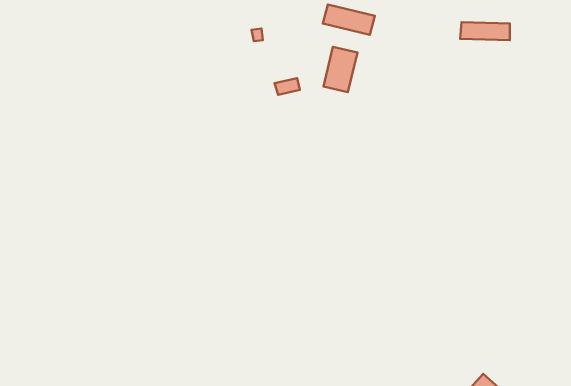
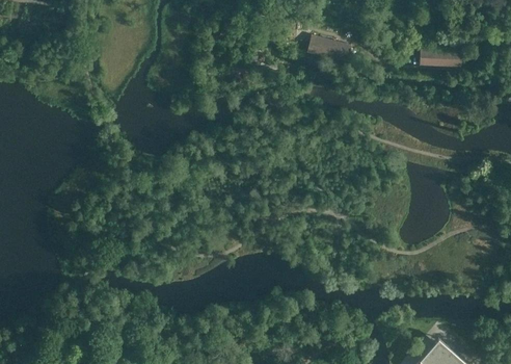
building: [323,47,357,92] -> none

